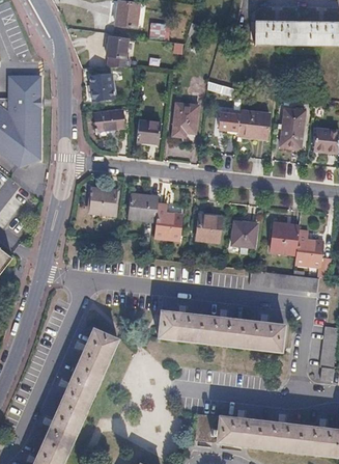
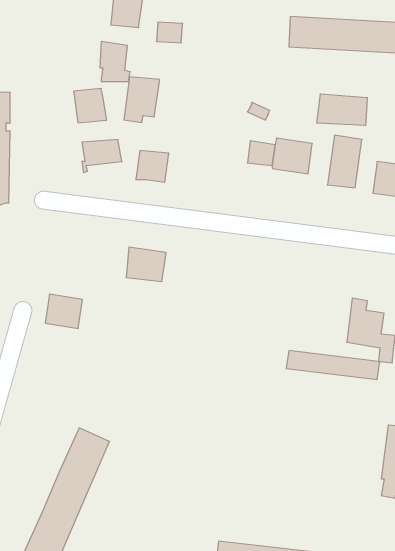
building: none -> [317,94,367,126]
building: [171,103,198,137] -> [124,77,160,122]
building: [88,187,116,213] -> [45,294,82,329]
building: [152,203,182,240] -> none
building: [195,214,220,241] -> none
building: [269,216,298,255] -> none
building: [230,221,255,246] -> none
building: [158,309,283,352] -> none

